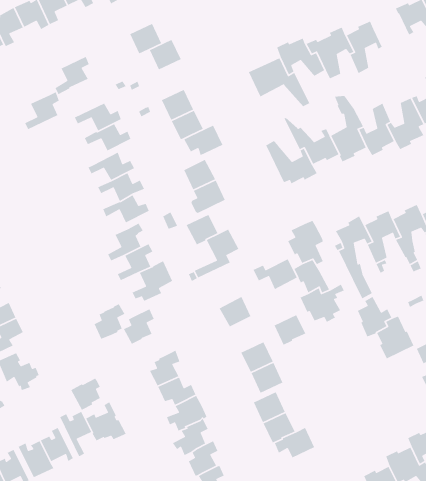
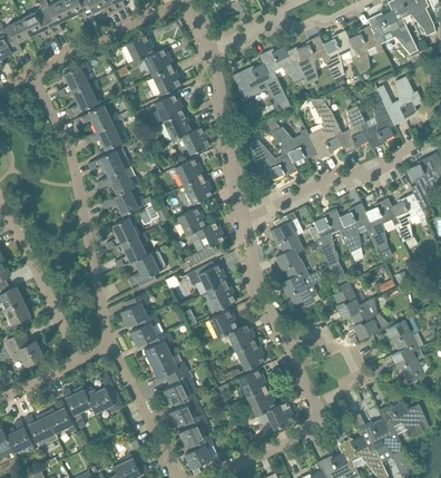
building: none -> [347,25,382,74]
building: none -> [151,66,182,95]
building: [24,91,60,130] -> [66,80,98,116]
building: [252,258,298,290] -> [186,263,227,292]
building: [94,303,125,340] -> [129,312,158,345]
building: [273,314,306,346] -> [208,309,238,338]
building: [70,377,101,411] -> none

